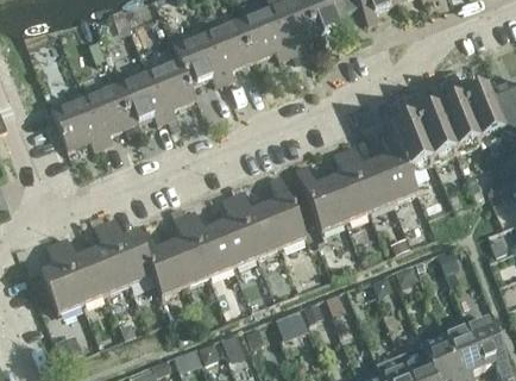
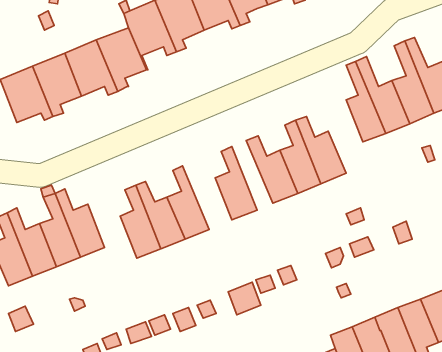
building: [375,129,416,201] -> none
building: [231,190,279,257] -> none
building: [137,229,185,295] -> none

